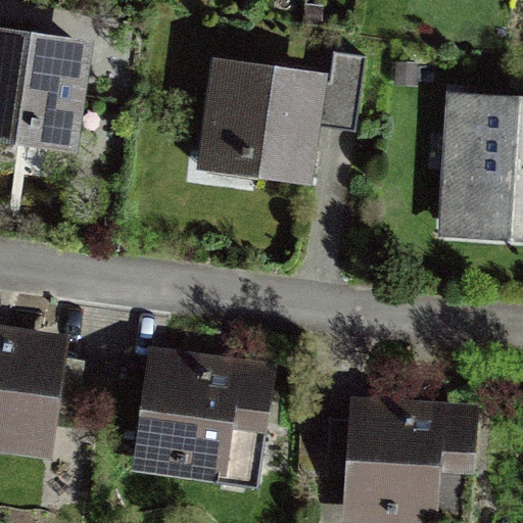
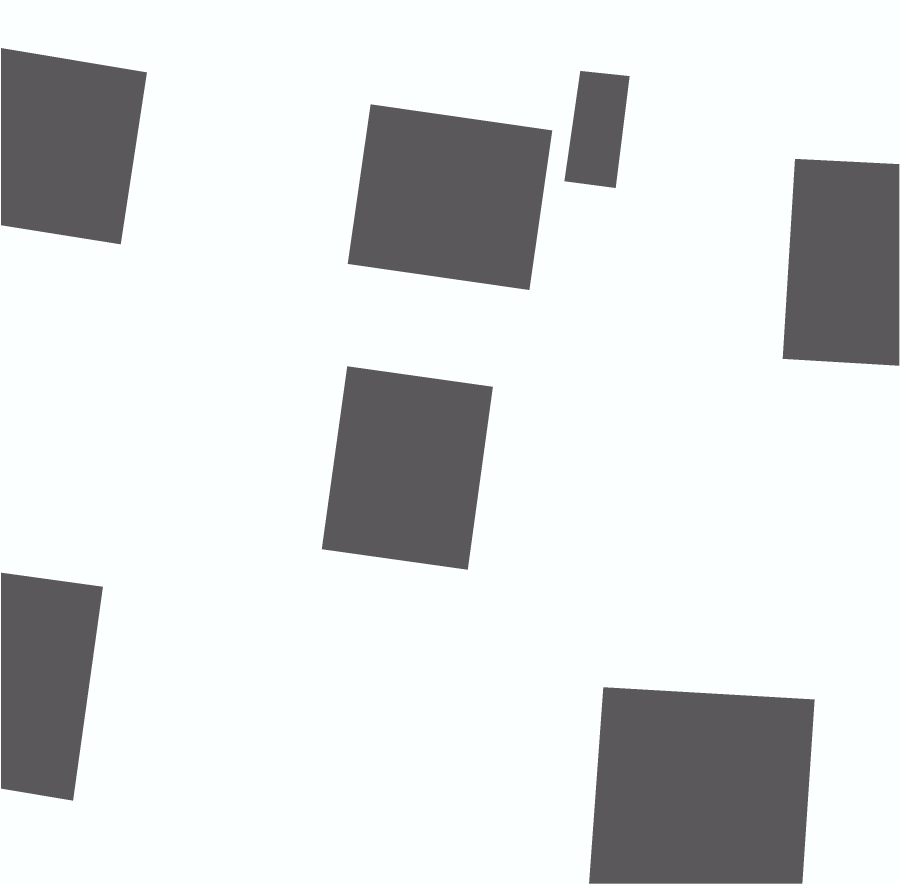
building: none -> [321,366,494,570]
building: [128,349,268,492] -> none

